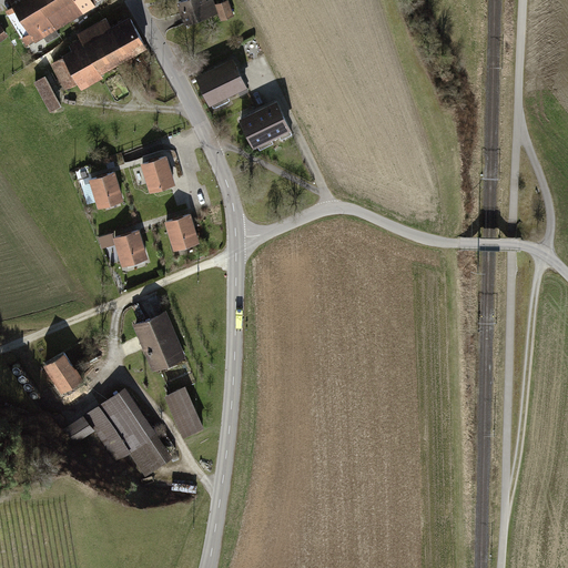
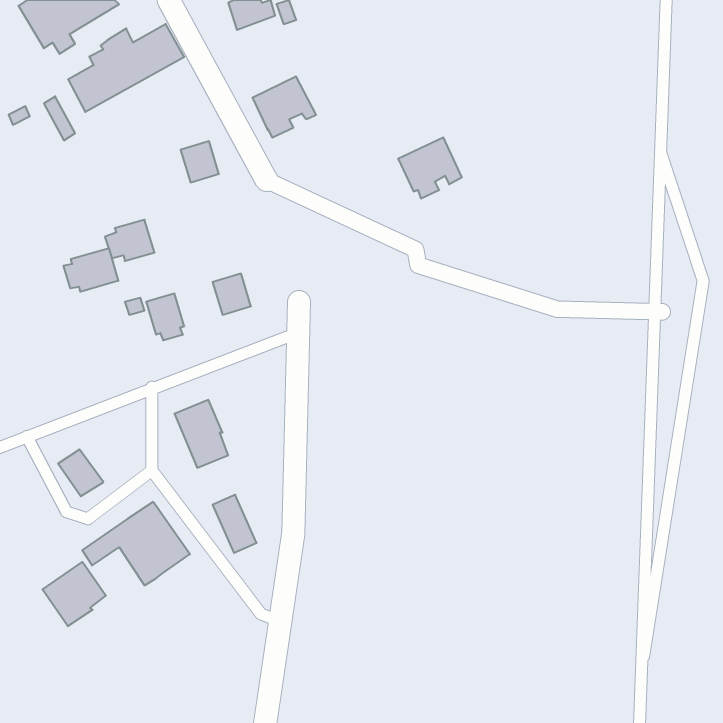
building: [241,103,291,151] -> [398,137,462,198]
building: [142,158,172,190] -> [181,141,219,182]
building: none -> [64,248,118,292]
building: [128,435,164,471] -> none
building: none -> [42,562,106,626]

